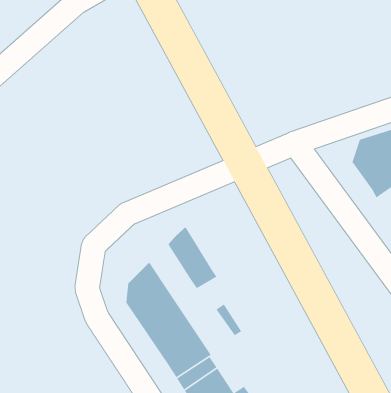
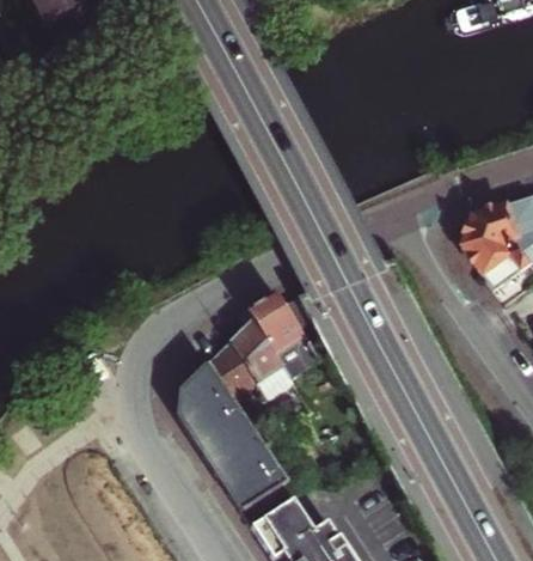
building: none -> [250,293,319,378]
building: none -> [210,344,259,402]

